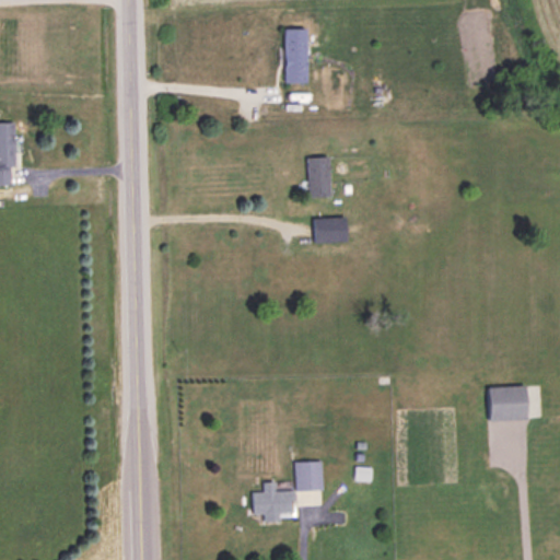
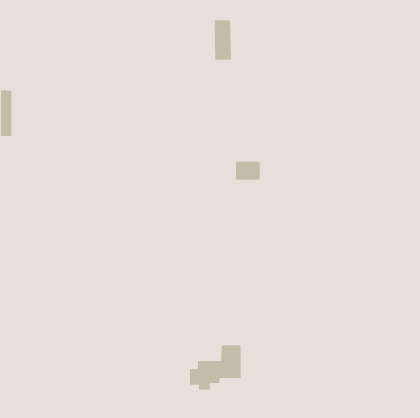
building: [306,156,330,197] -> none
building: [488,387,530,422] -> none

